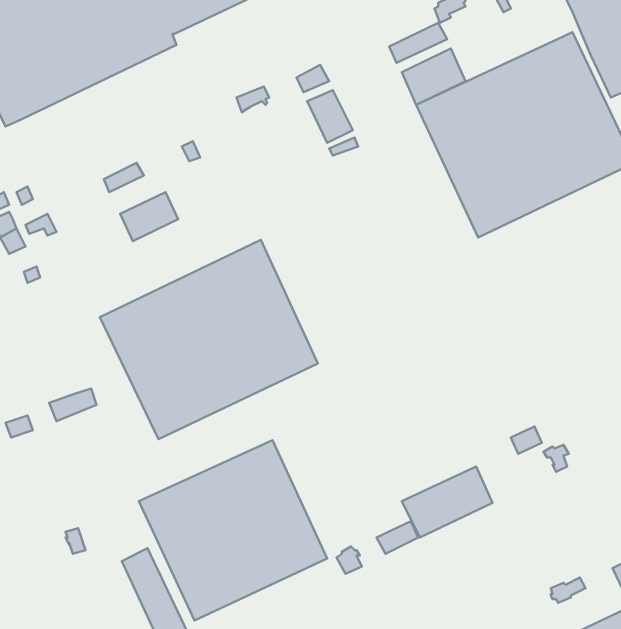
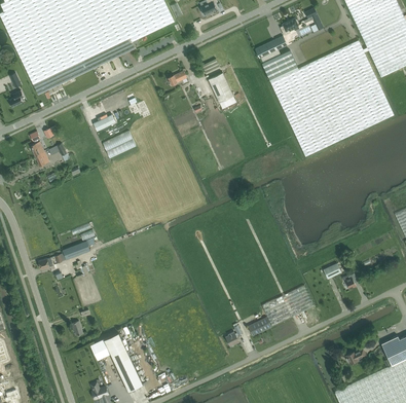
building: [100,240,318,439] -> none
building: [139,440,327,621] -> none

